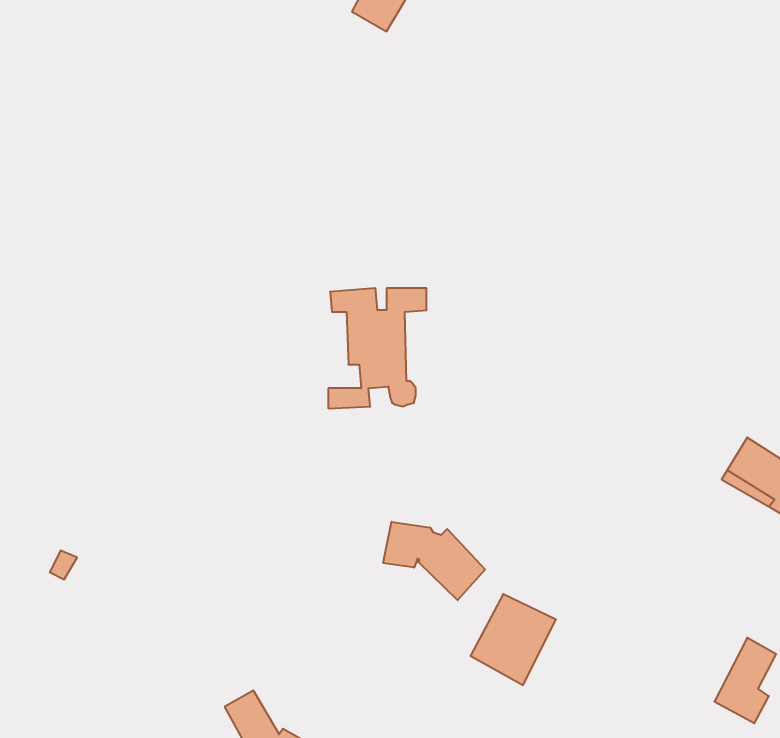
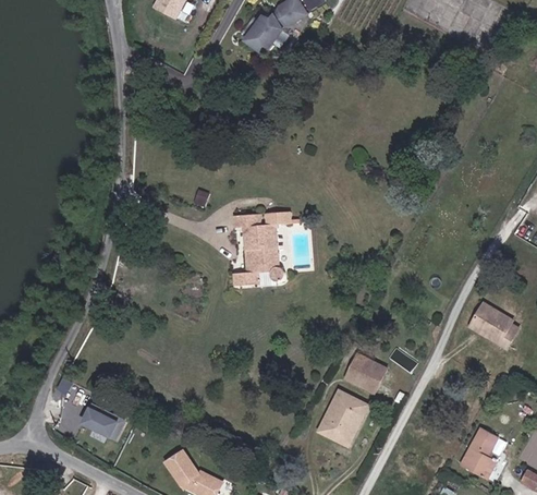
building: [383,522,485,600] -> none
building: none -> [342,359,385,398]
building: none -> [77,401,122,437]

